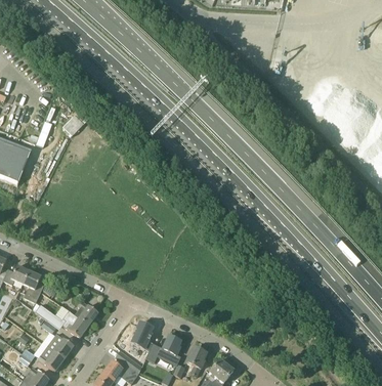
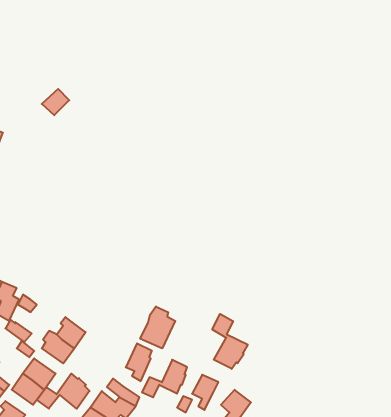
building: none -> [140,306,175,348]
building: none -> [212,314,248,369]
building: none -> [37,374,90,409]

